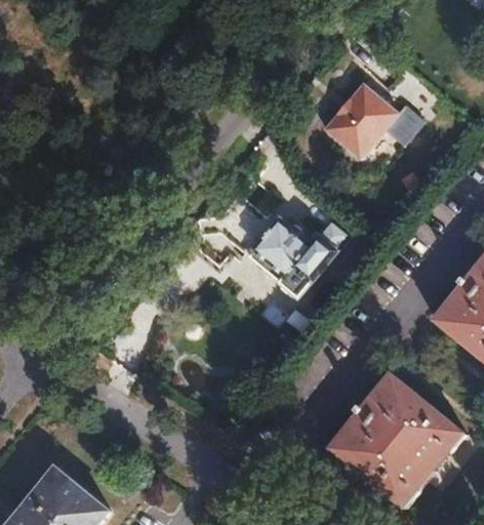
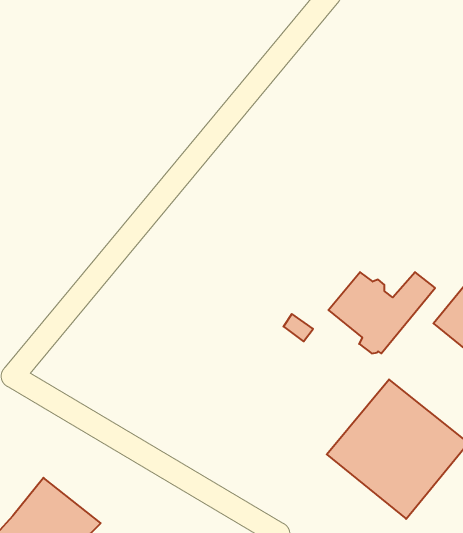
building: [325,86,423,160] -> none
building: [248,219,352,298] -> [328,272,435,353]

